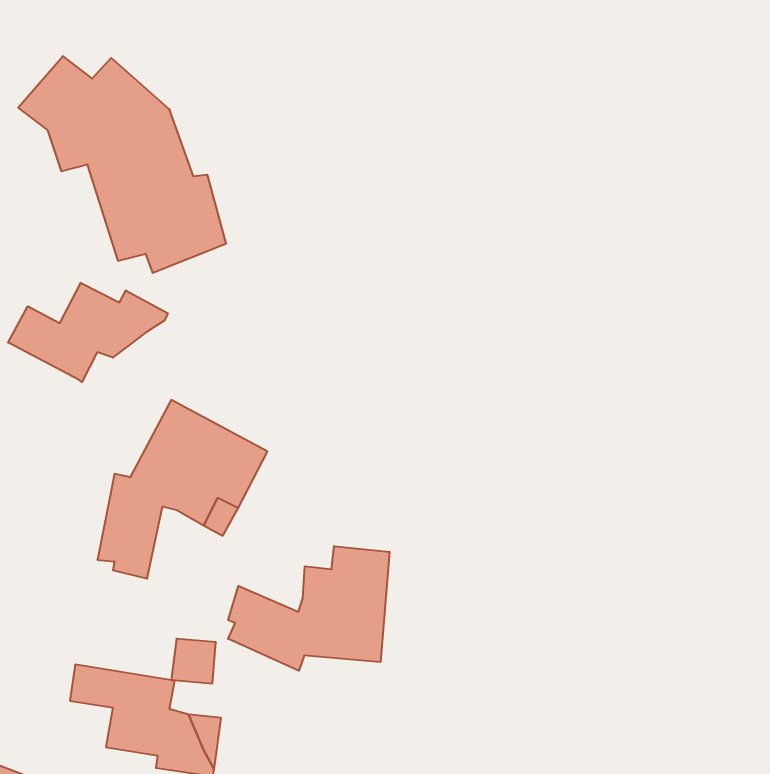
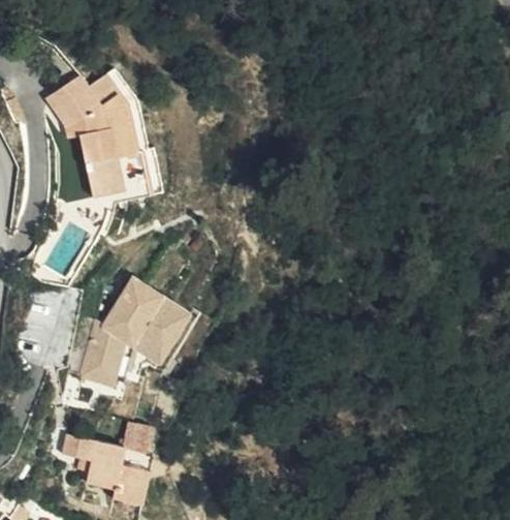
building: [8,283,168,382] -> none
building: [228,546,390,671] -> none

